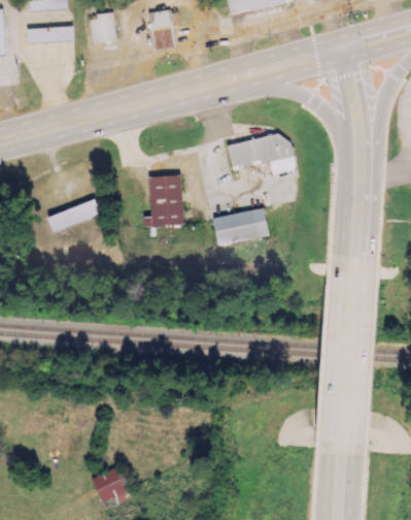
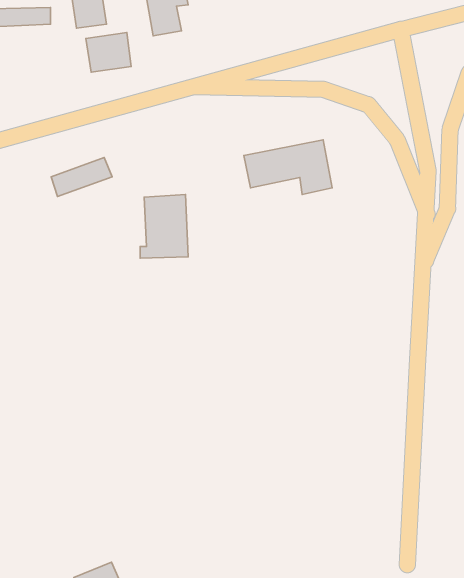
building: none -> [86,32,131,72]
building: [46,201,95,232] -> [51,157,112,196]
building: [211,209,267,243] -> none

